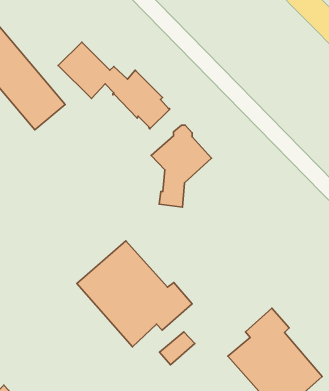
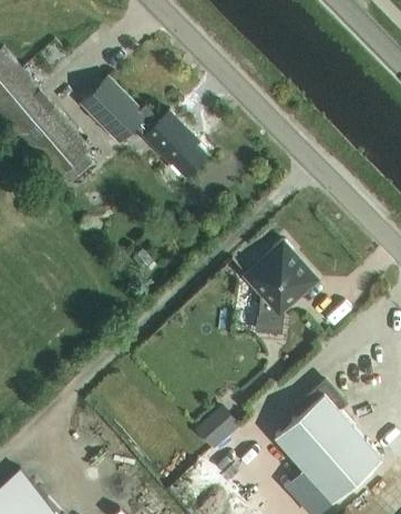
building: [151,125,212,207] -> [247,244,316,337]
building: [77,241,192,347] -> none

